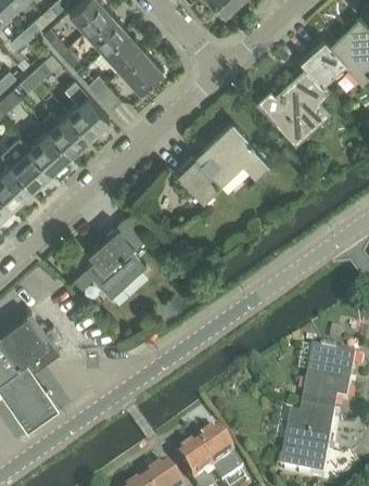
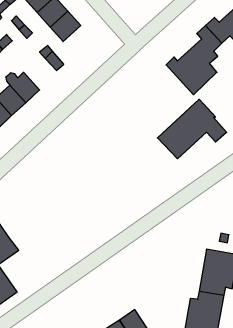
building: [119,52,162,94] -> none
building: [64,84,109,139] -> none
building: [176,124,269,204] -> [157,99,227,159]
building: [85,220,147,300] -> none

